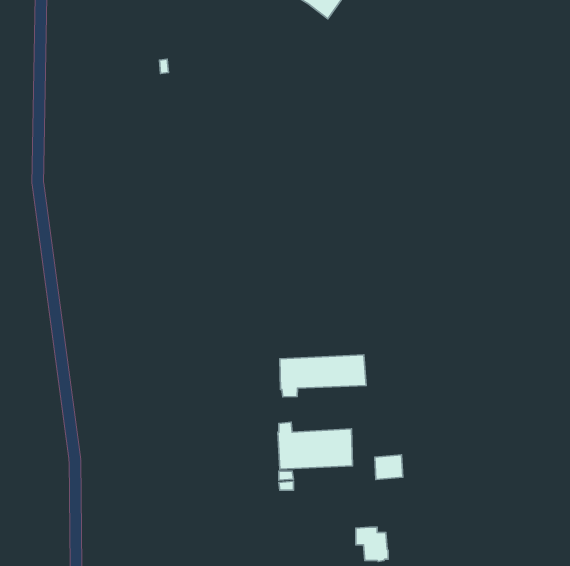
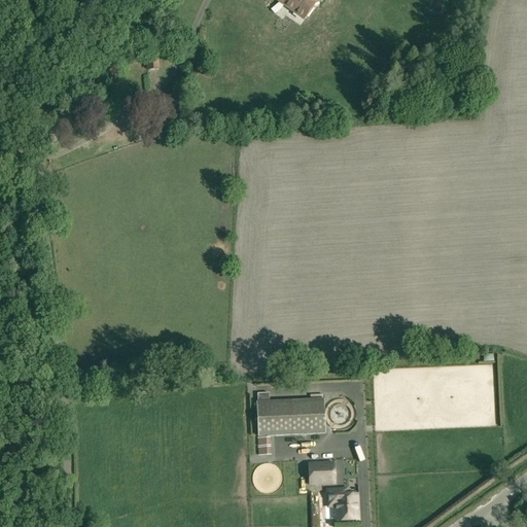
building: [280,355,366,397] -> none
building: [375,455,403,479] -> [309,460,335,483]

